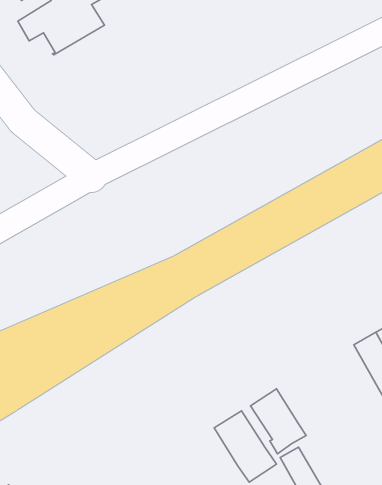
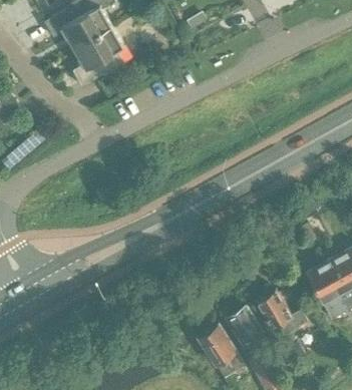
building: none -> [72,25,124,86]
building: none -> [256,290,307,335]

